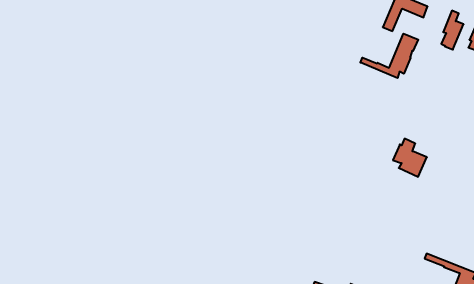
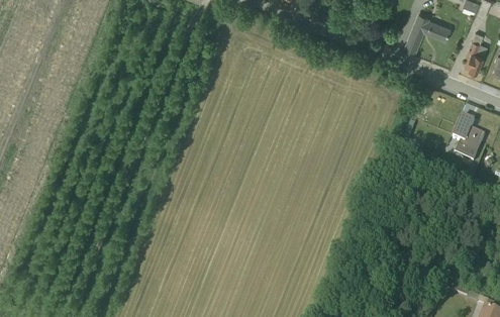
building: [360,34,418,78] -> none
building: [393,139,427,177] -> [451,113,486,152]

